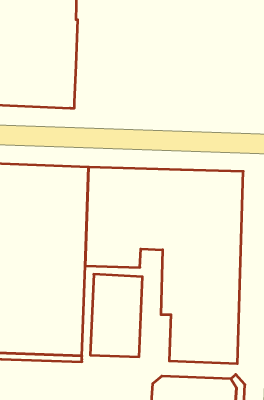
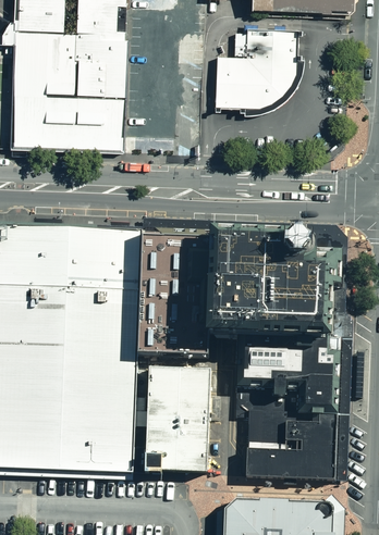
building: none -> [213,32,301,112]

